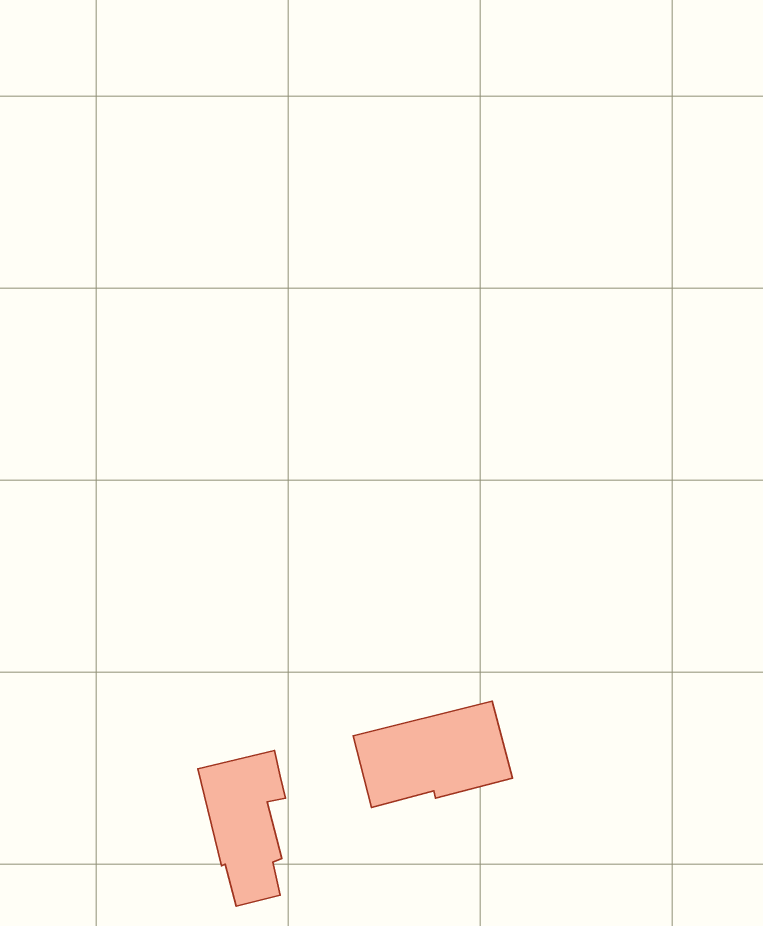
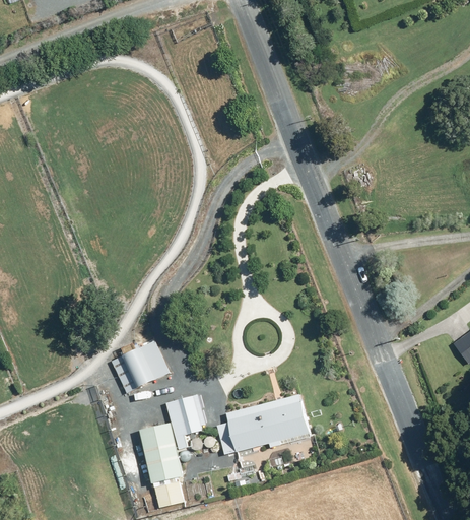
building: none -> [111,339,170,393]
building: none -> [176,395,203,435]

